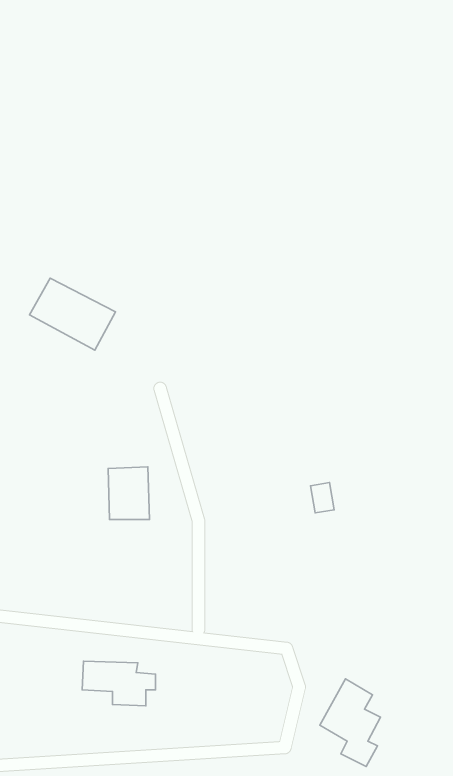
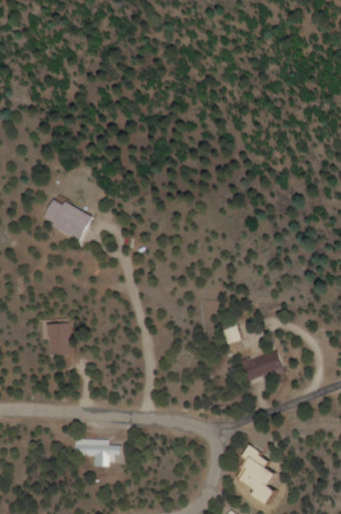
building: [108,467,150,520] -> [49,322,75,355]
building: none -> [241,352,277,380]

